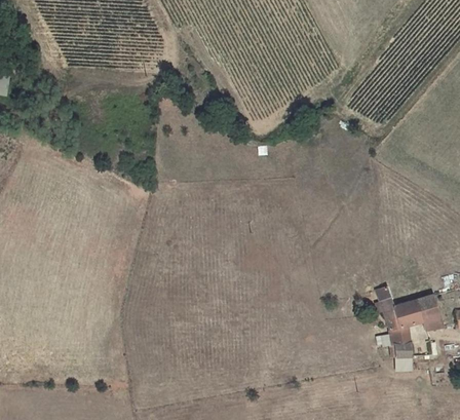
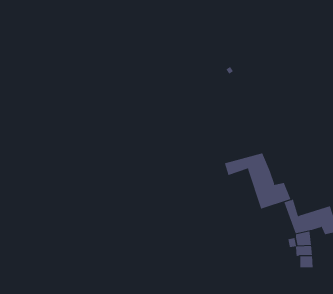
building: none -> [224,152,291,209]

